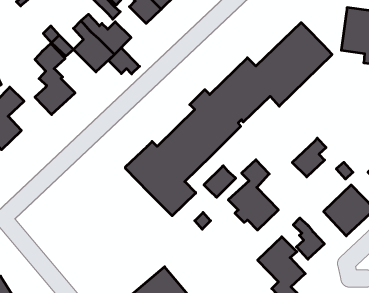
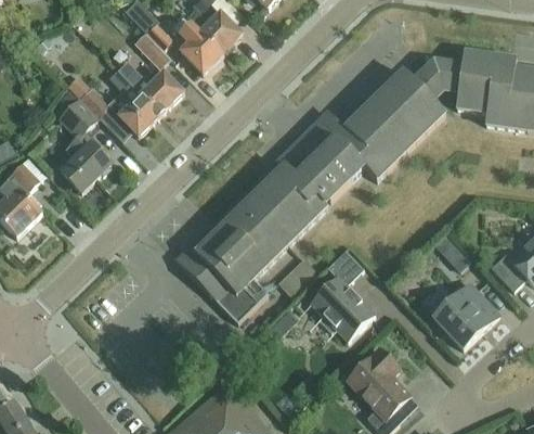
building: none -> [411,56,463,100]
building: [109,48,140,74] -> none
building: [292,138,326,177] -> none
building: [293,218,324,259] -> none

